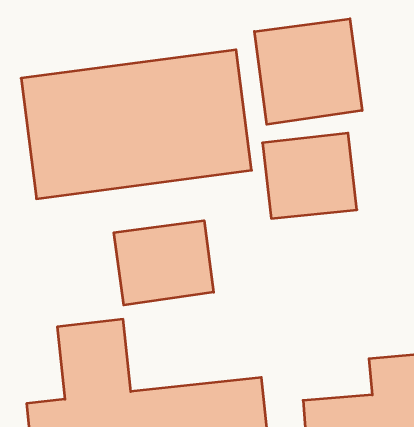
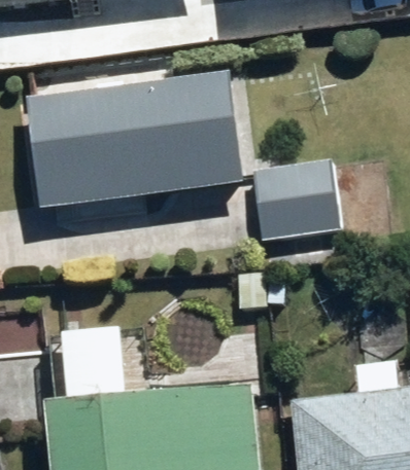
building: [254,19,362,124] -> none
building: [114,221,214,305] -> none

